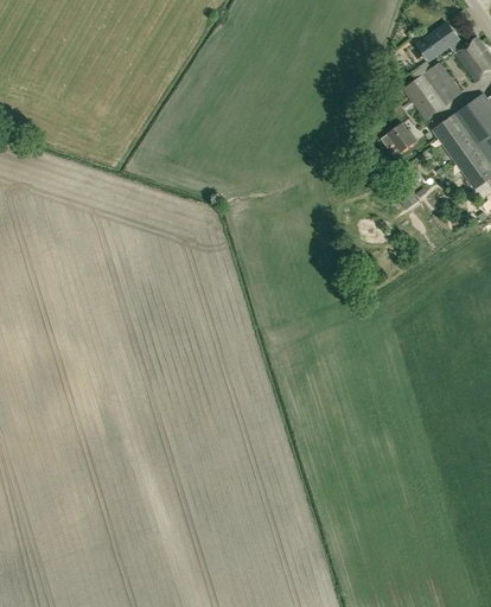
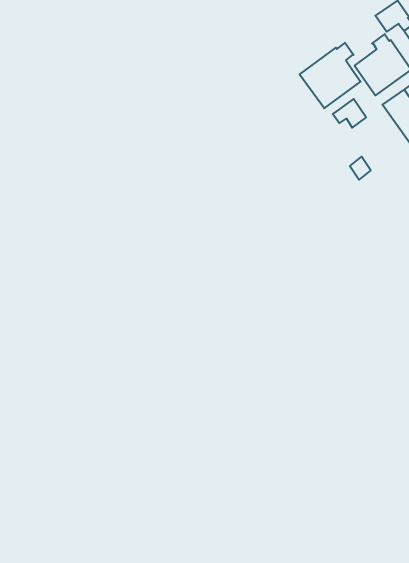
building: none -> [300,43,361,108]

